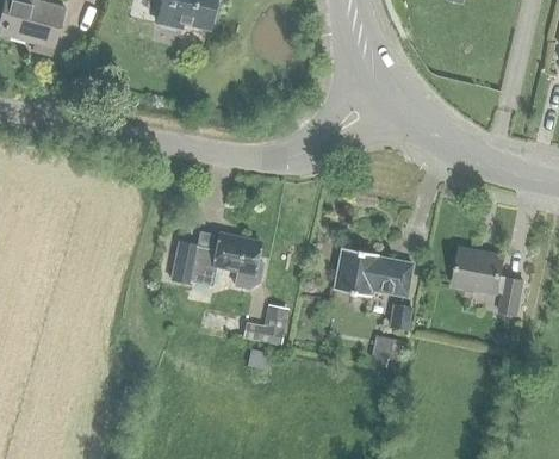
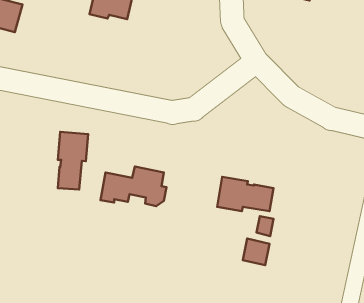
building: none -> [58,132,88,190]
building: [454,249,523,315] -> none
building: [244,305,287,343] -> none

